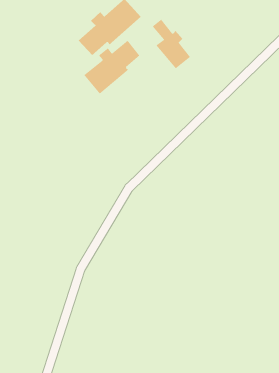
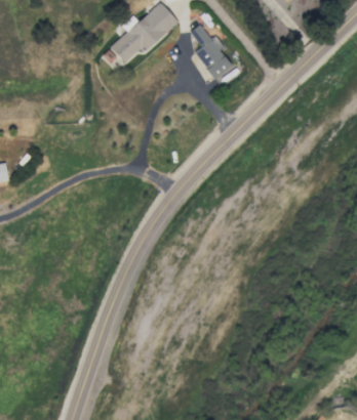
building: [84,40,140,94] -> none

